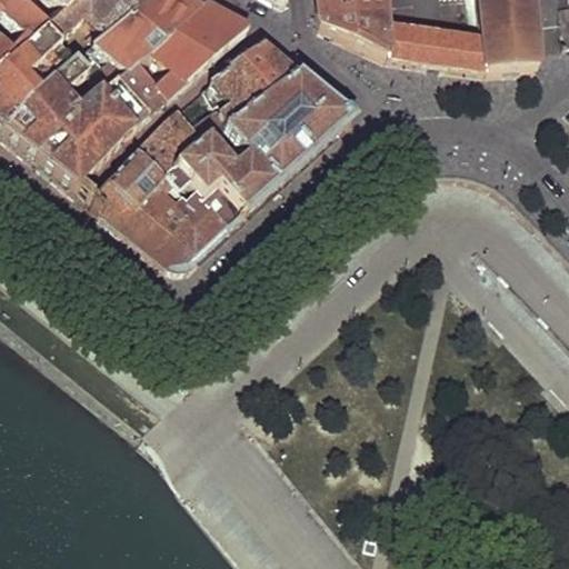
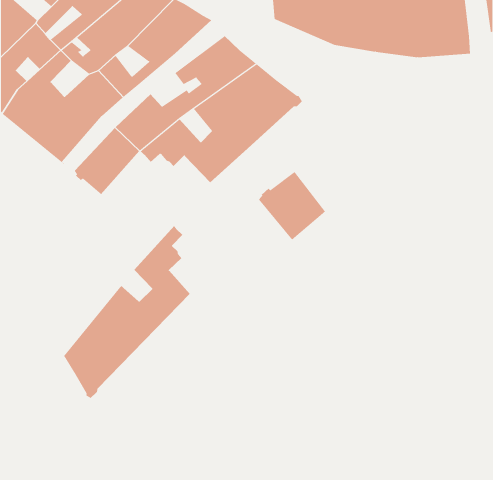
building: [117,174,242,267] -> none
building: none -> [258,171,326,240]
building: none -> [63,225,190,399]

